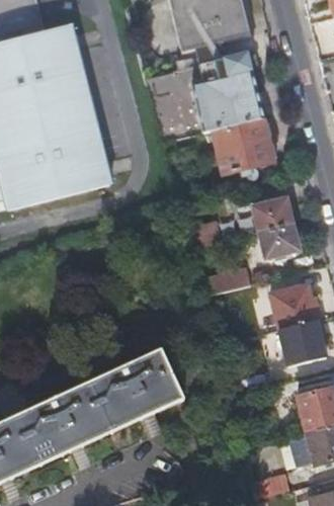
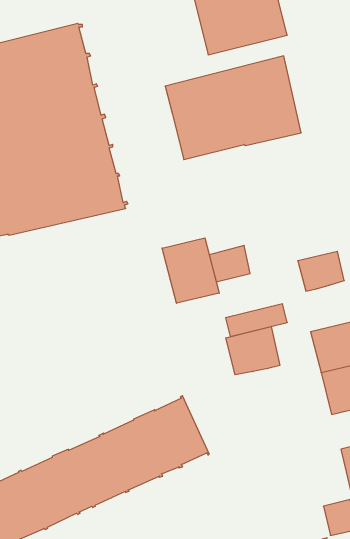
building: [215,119,273,172] -> none
building: [254,198,295,231] -> none
building: none -> [162,238,219,303]
building: none -> [226,326,280,375]

